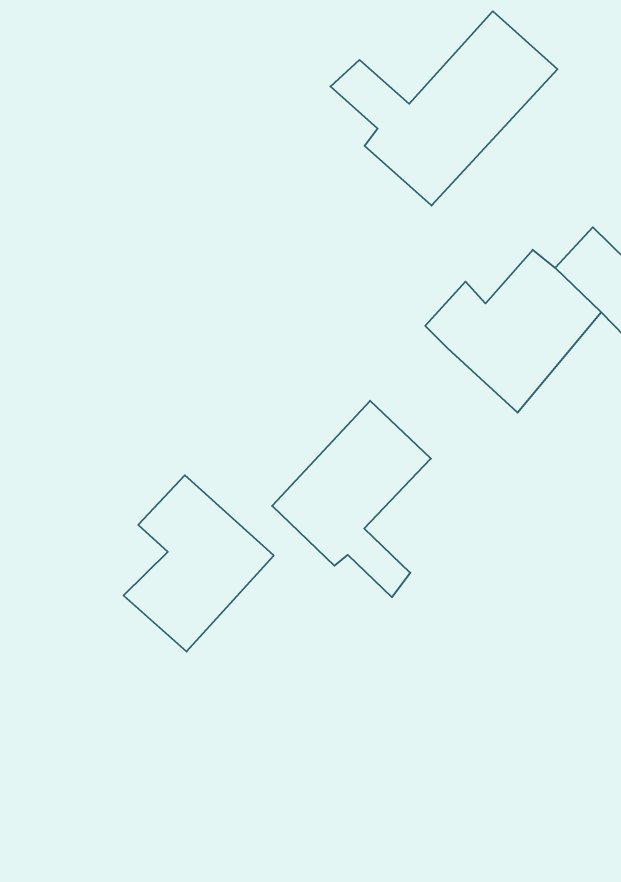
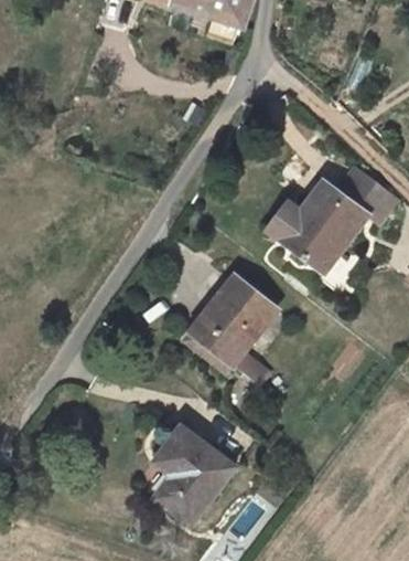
building: [330,11,557,206] -> none
building: [124,475,274,652] -> [152,423,233,520]

